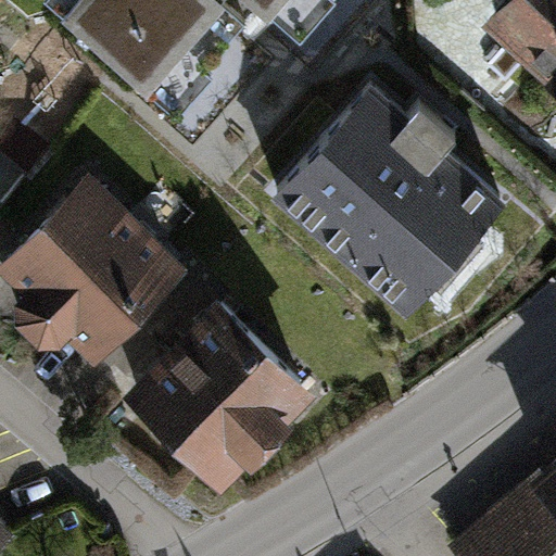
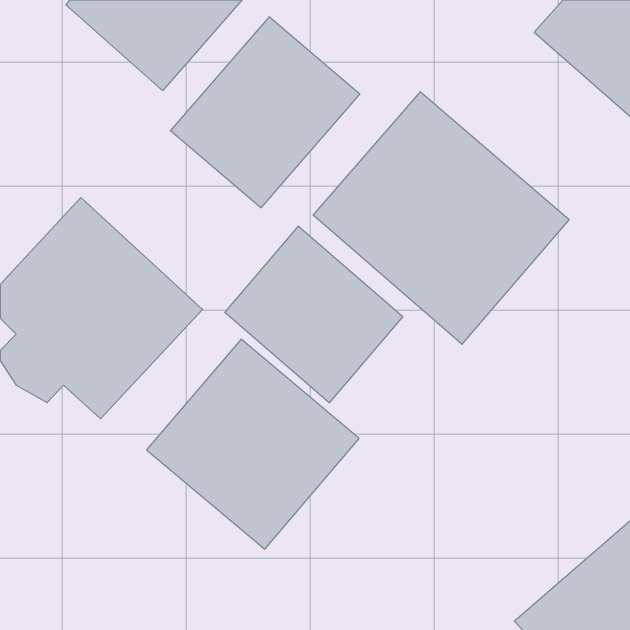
building: none -> [171,17,360,208]
building: none -> [225,226,403,403]

